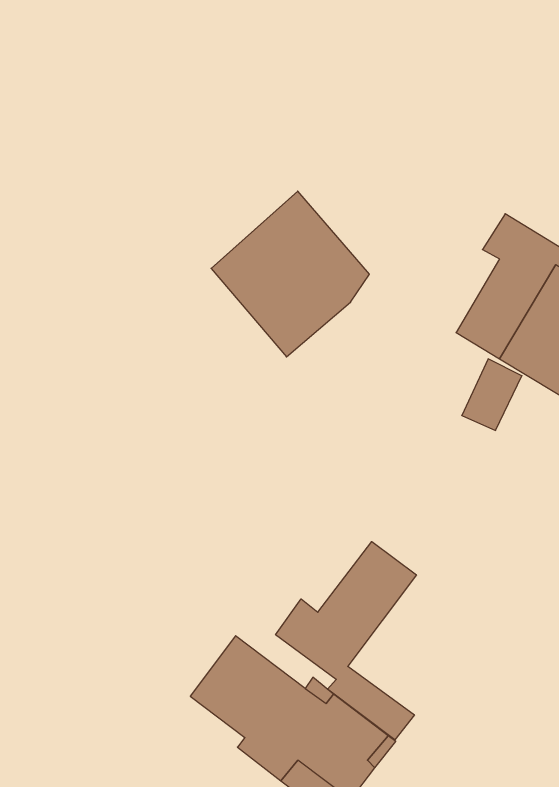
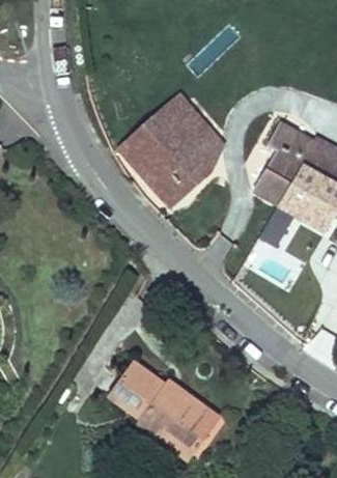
building: none -> [160,103,218,212]
building: [276,542,416,740] -> none

